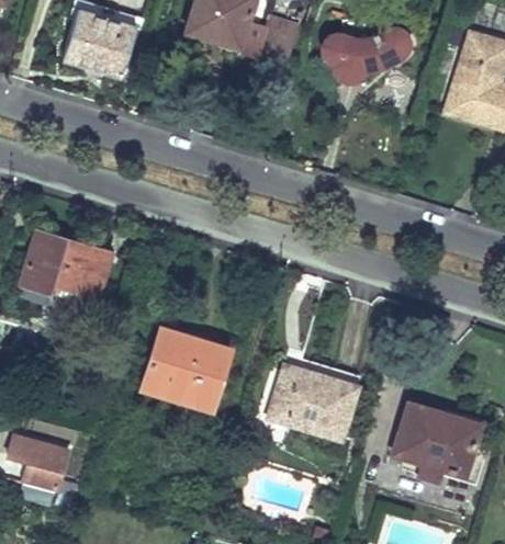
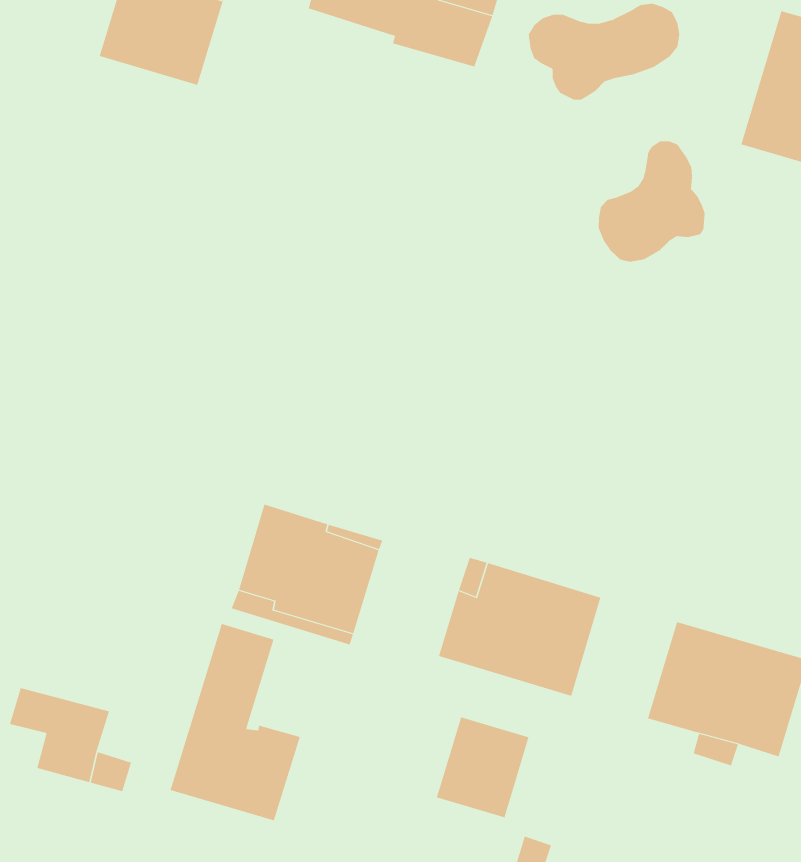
building: none -> [598,140,705,262]
building: [21,237,111,296] -> none
building: none -> [170,623,300,821]
building: none -> [436,717,529,818]

